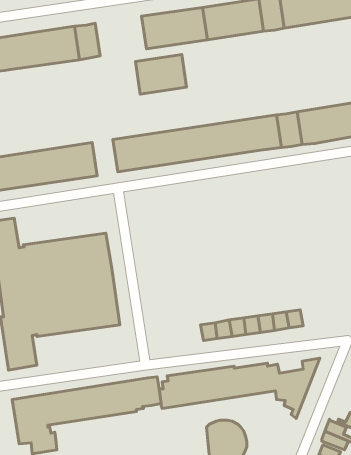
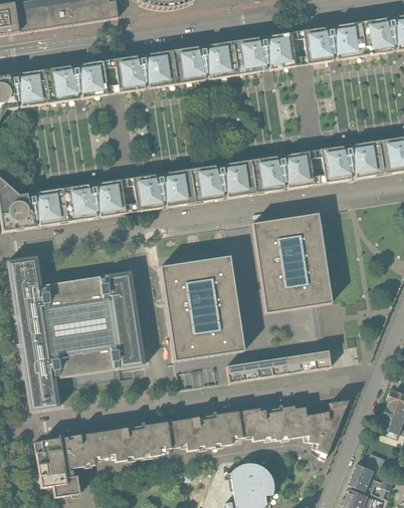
building: [135,55,187,94] -> [119,51,171,91]
building: none -> [116,177,142,214]
building: none -> [251,213,331,313]
building: none -> [160,256,244,361]

